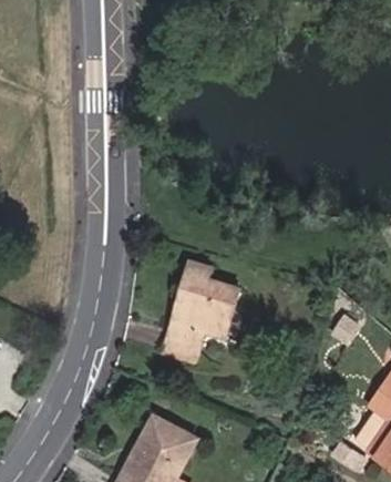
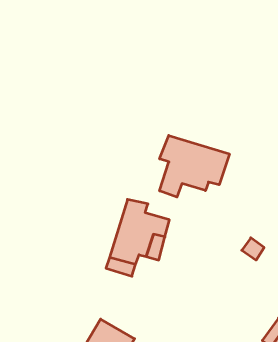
building: none -> [160,135,229,197]

